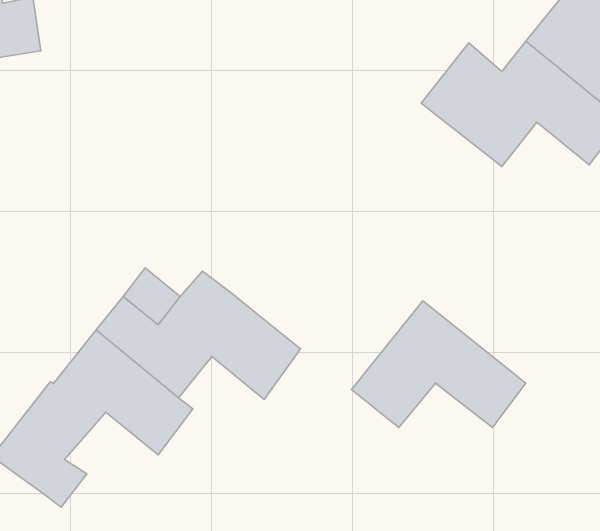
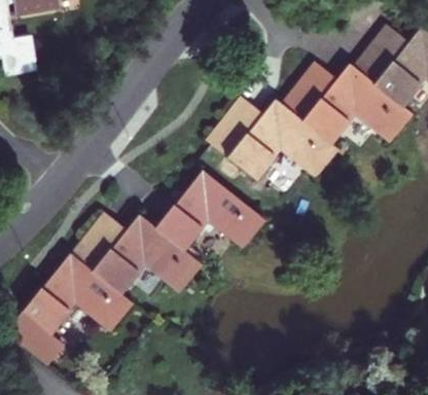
building: none -> [206,98,340,179]
building: [351,301,526,428] -> [157,169,271,251]

